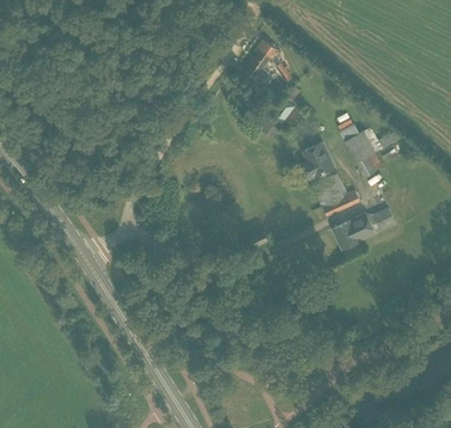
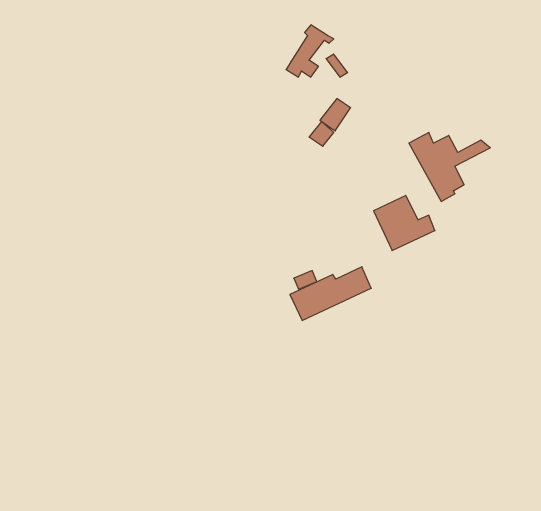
building: [301,142,335,179] -> none
building: [333,207,396,249] -> [290,267,371,320]

